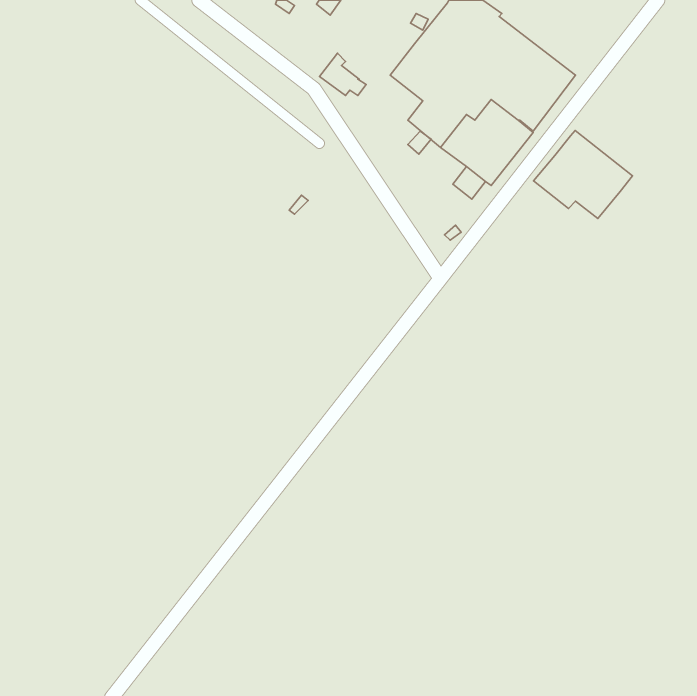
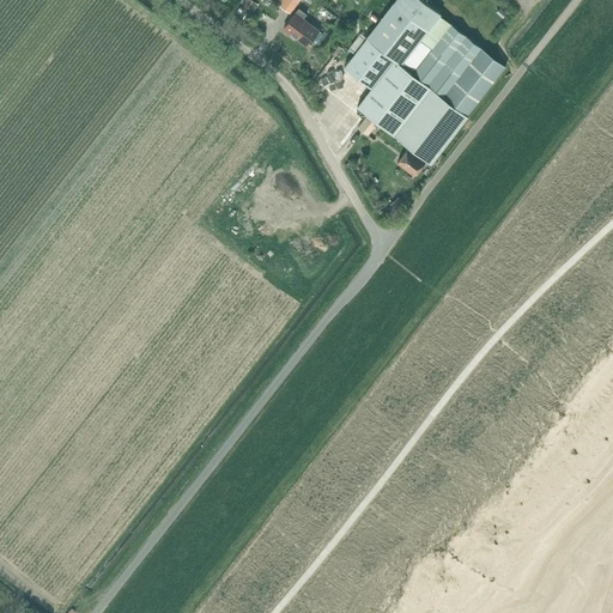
building: [320,53,366,96] -> [284,8,324,45]
building: [533,130,632,219] -> none

